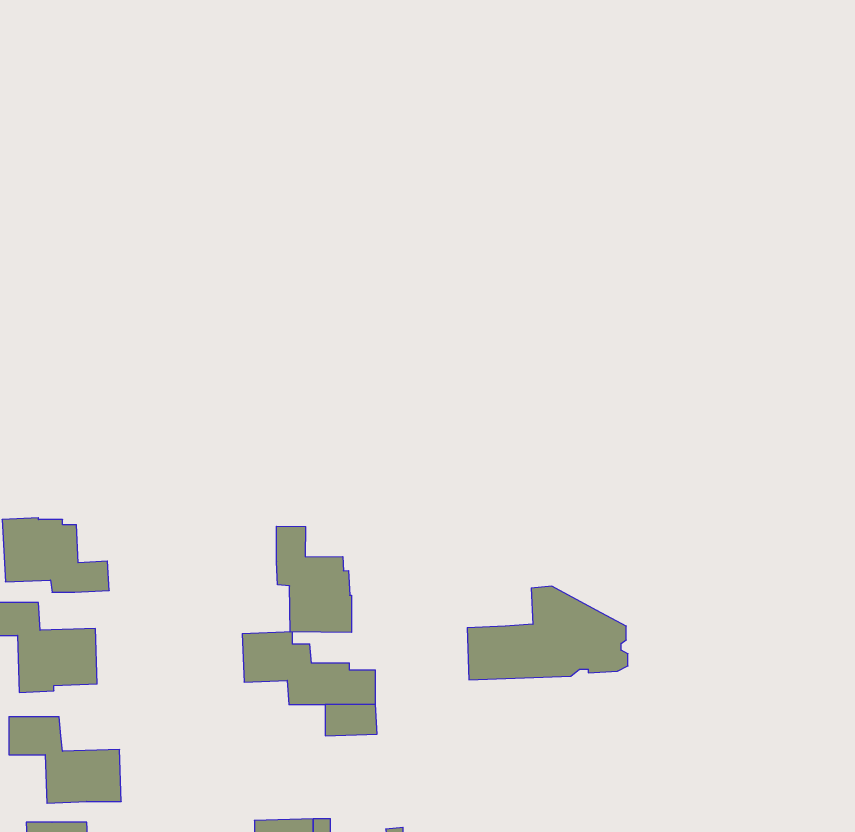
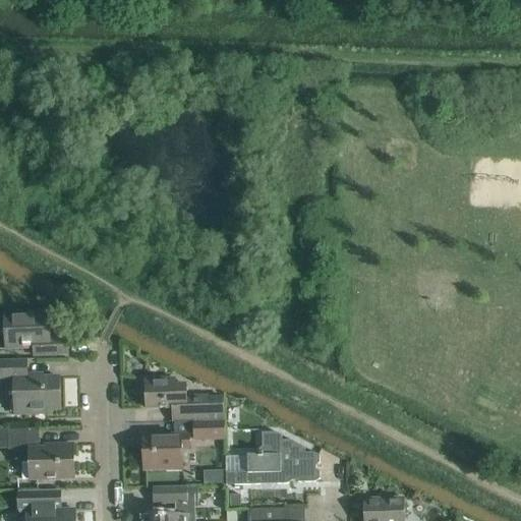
building: [277,526,351,632] -> none
building: [467,586,628,680] -> [224,430,319,485]
building: none -> [141,433,188,469]

